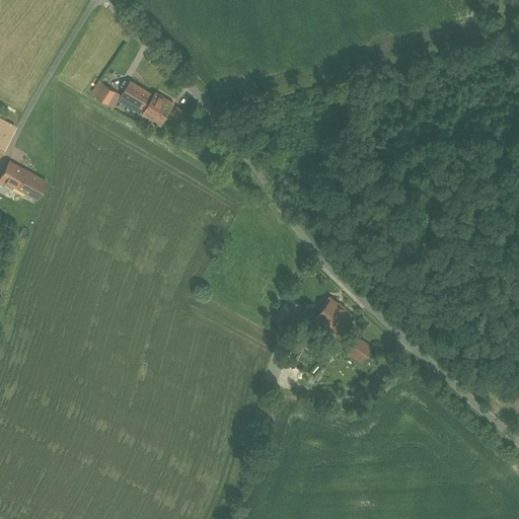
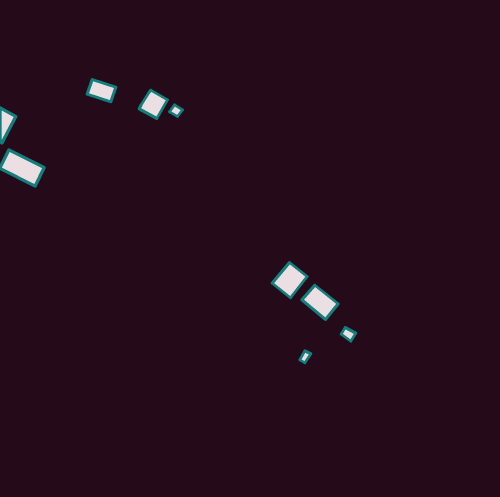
building: [124,85,155,113] -> none
building: none -> [272,263,307,298]

